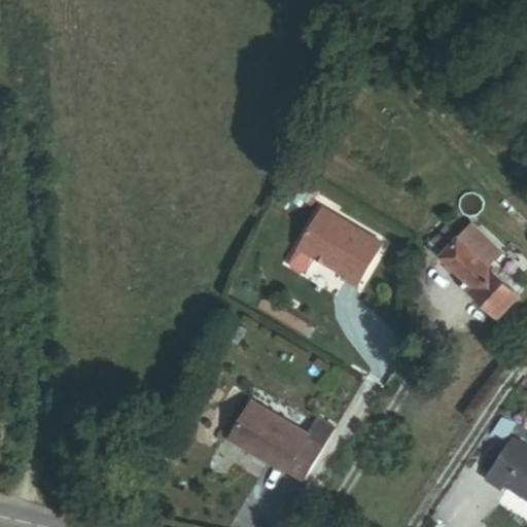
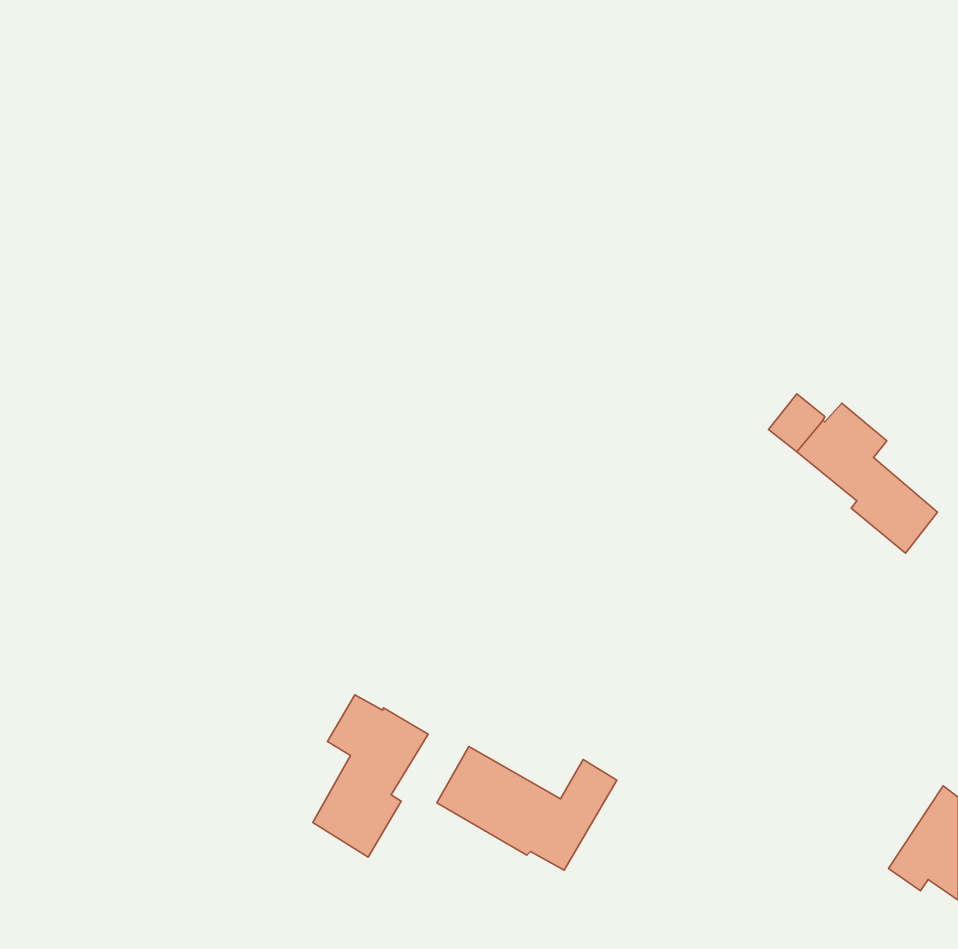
building: [295,204,380,282] -> none
building: none -> [313,695,428,857]

